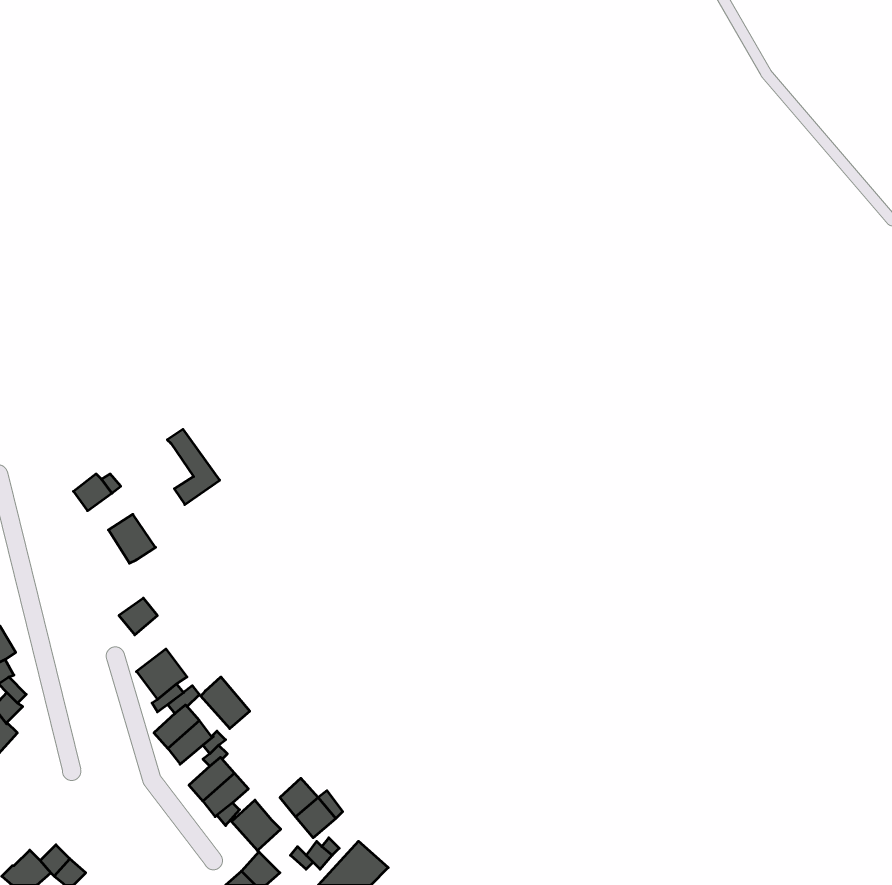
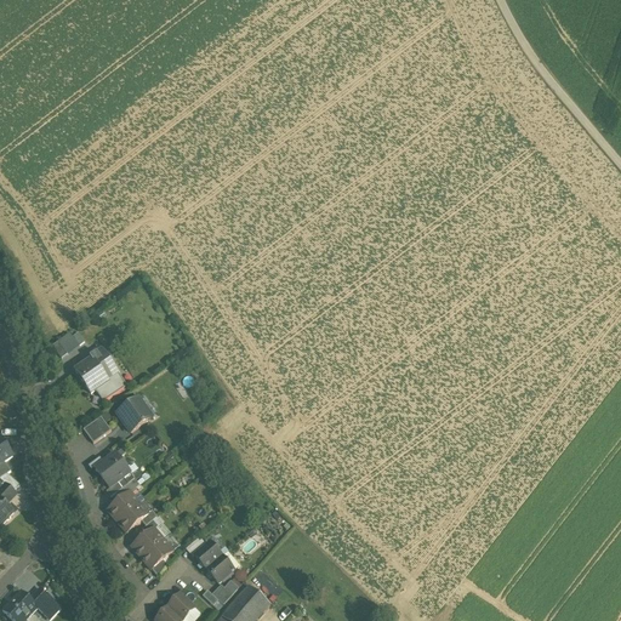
building: [167,429,220,505] -> [90,347,126,399]
building: none -> [116,394,153,431]
building: [201,677,250,729] -> none
building: [231,800,281,851] -> none

